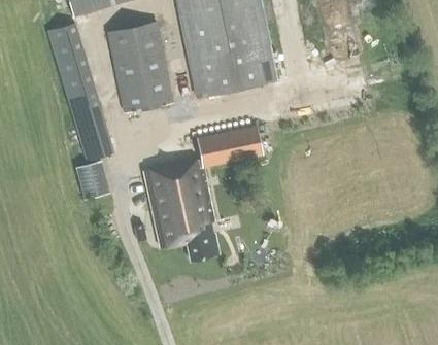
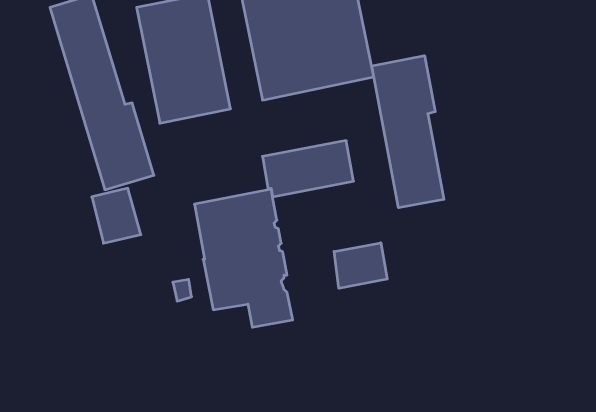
building: none -> [372,56,444,208]
building: none -> [334,243,387,288]

